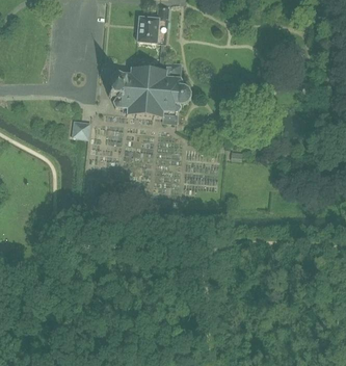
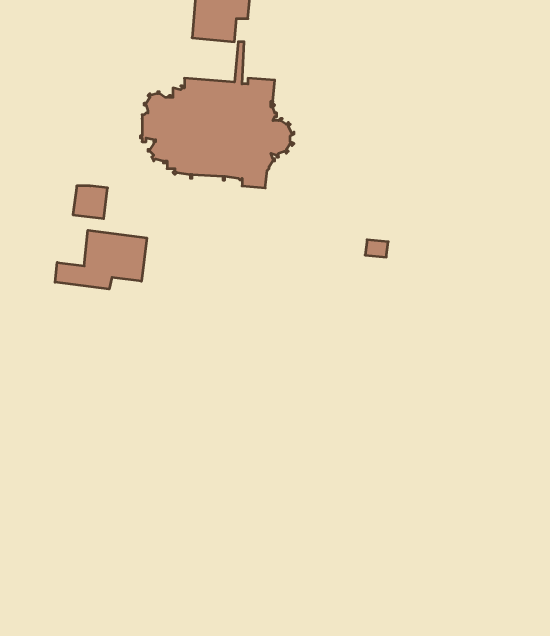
building: none -> [55,230,147,289]

